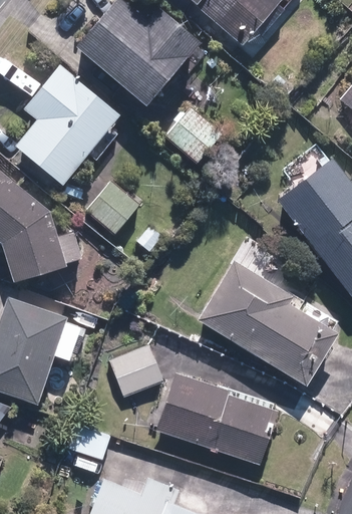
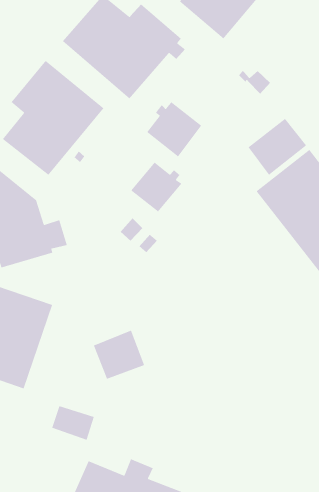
building: none -> [247,118,307,176]
building: [85,181,139,234] -> [130,161,183,213]
building: [198,259,337,384] -> none
building: [155,372,277,464] -> none

